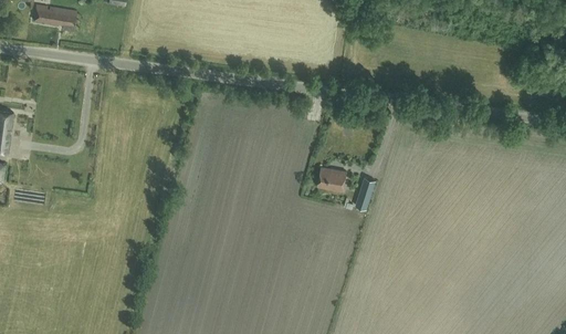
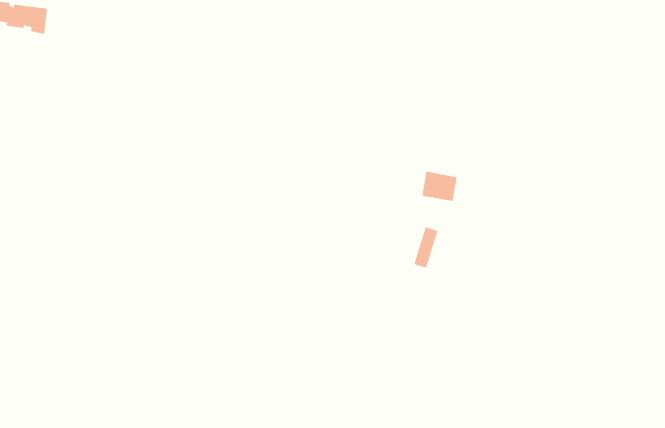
building: [318,167,346,190] -> [421,171,458,202]

